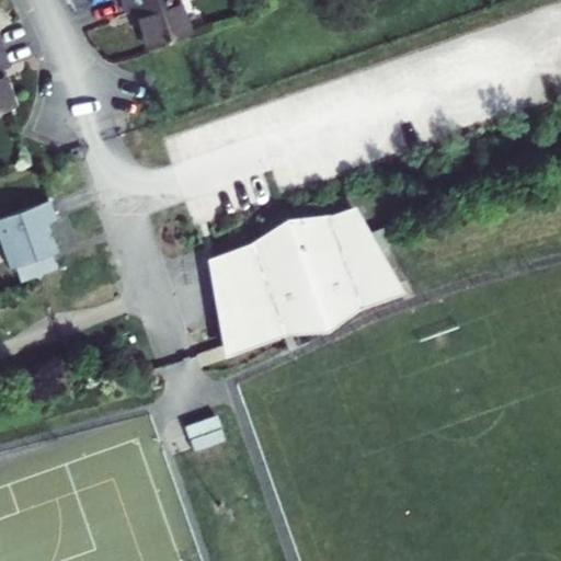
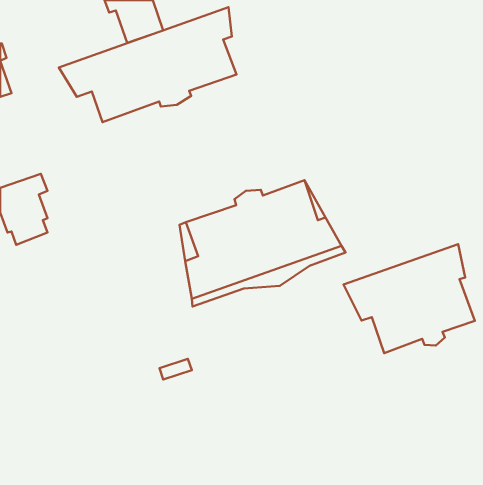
building: none -> [59,7,237,122]
building: none -> [344,244,475,353]

